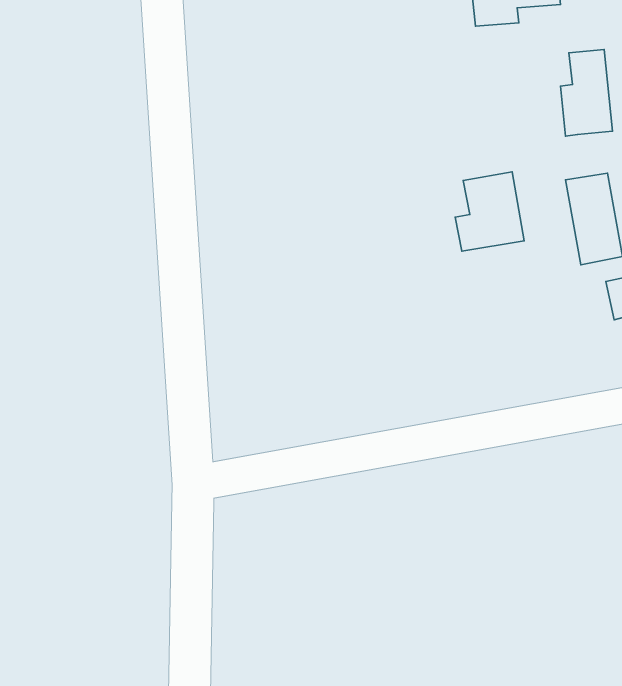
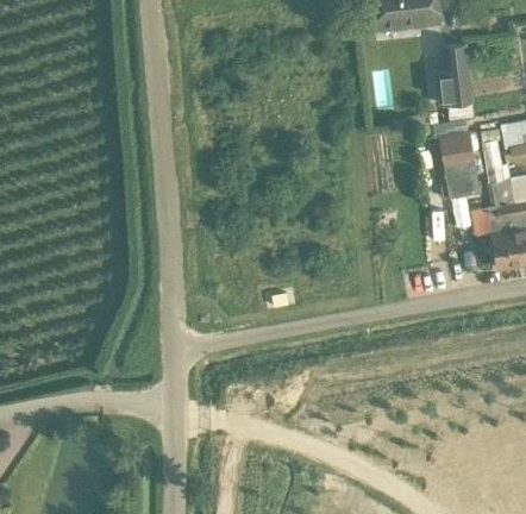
building: [455,172,524,251] -> none

